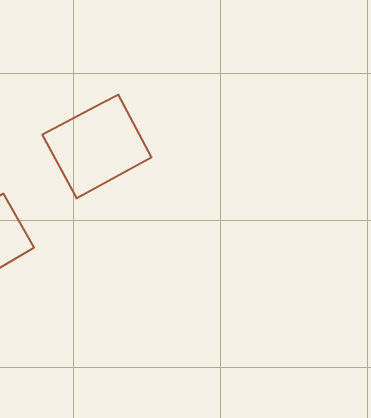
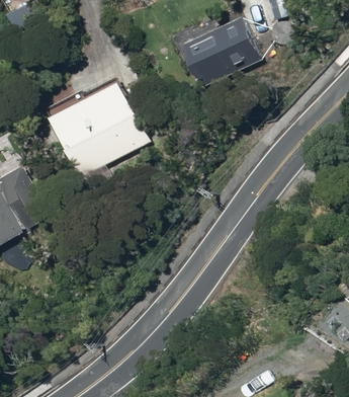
building: none -> [180,16,259,87]

